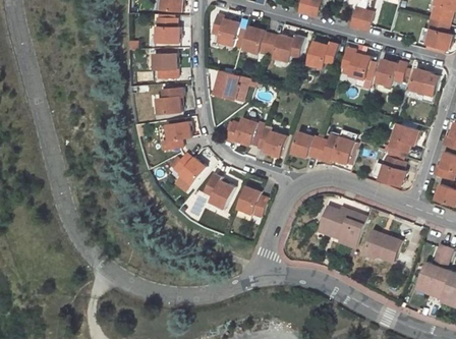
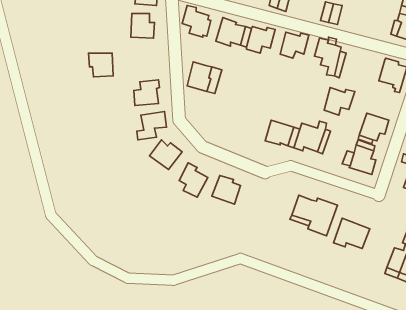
building: [150,55,175,79] -> [89,53,113,77]
building: [376,56,407,84] -> [324,88,355,115]
building: [224,119,255,147] -> none
building: [258,125,287,154] -> none

